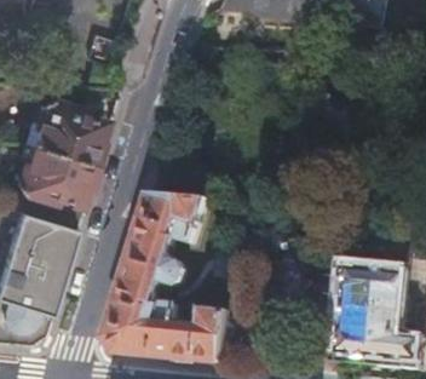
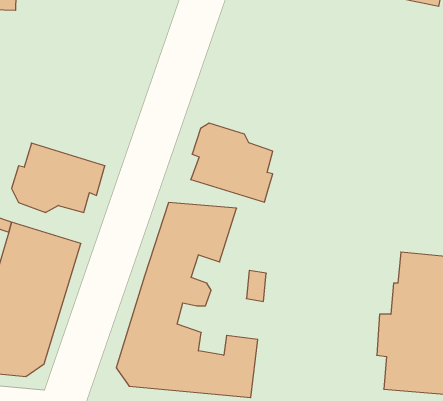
building: [35,96,105,163] -> [191,123,273,202]

